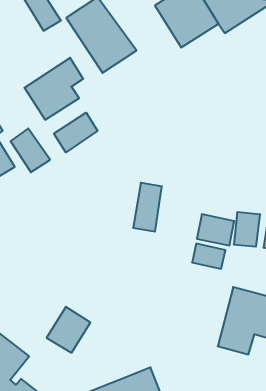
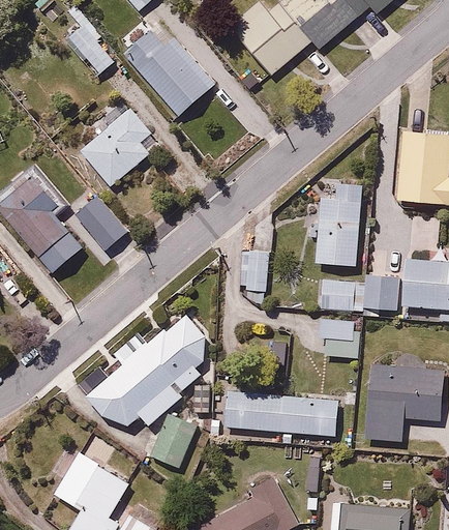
building: [54,113,97,152] -> none
building: none -> [306,180,364,265]
building: none -> [87,310,208,425]
building: none -> [219,390,336,435]

